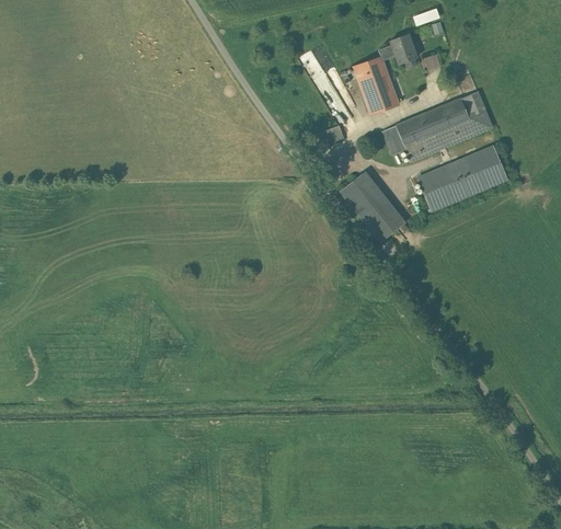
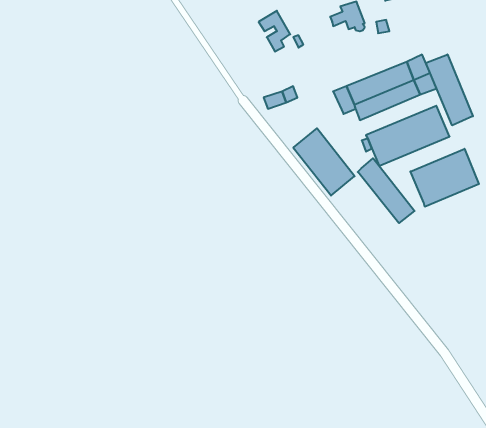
building: [353,56,398,114] -> none
building: none -> [426,54,473,125]
building: none -> [410,149,479,207]
building: none -> [358,158,415,223]

